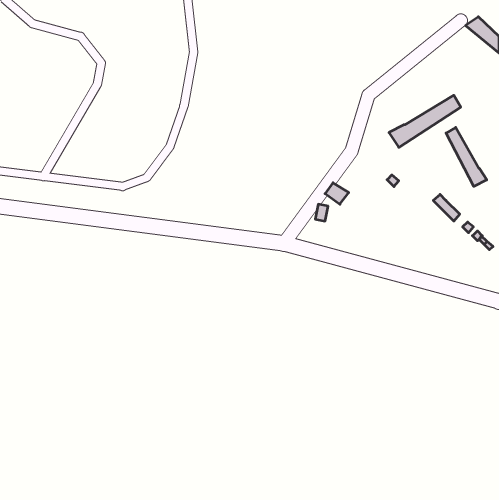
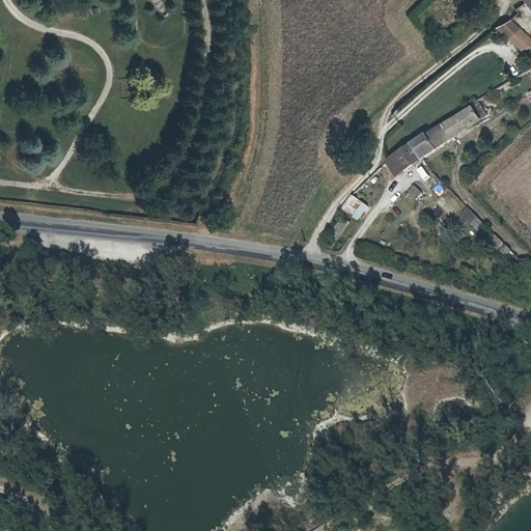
building: [446,127,487,186] -> none
building: none -> [387,140,421,172]

